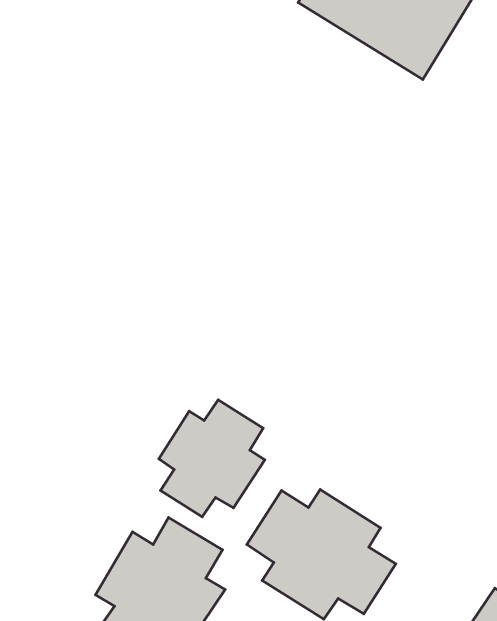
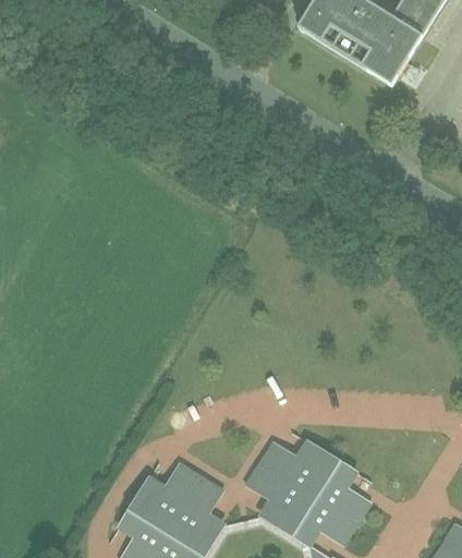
building: [159,400,265,517] -> none

